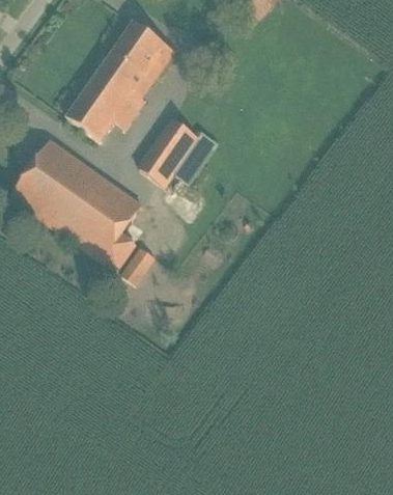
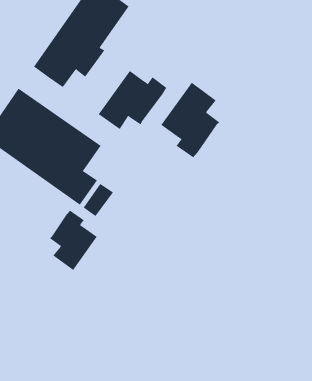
building: none -> [160,82,220,158]
building: none -> [49,210,98,271]

